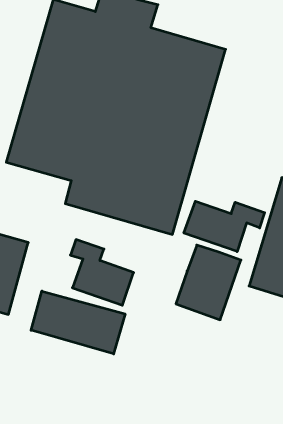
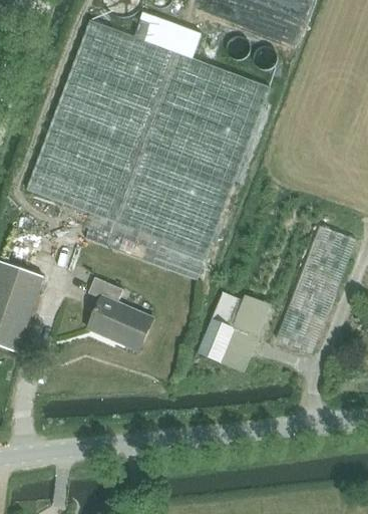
building: [184,201,265,252] -> none
building: [31,291,125,354] -> none

